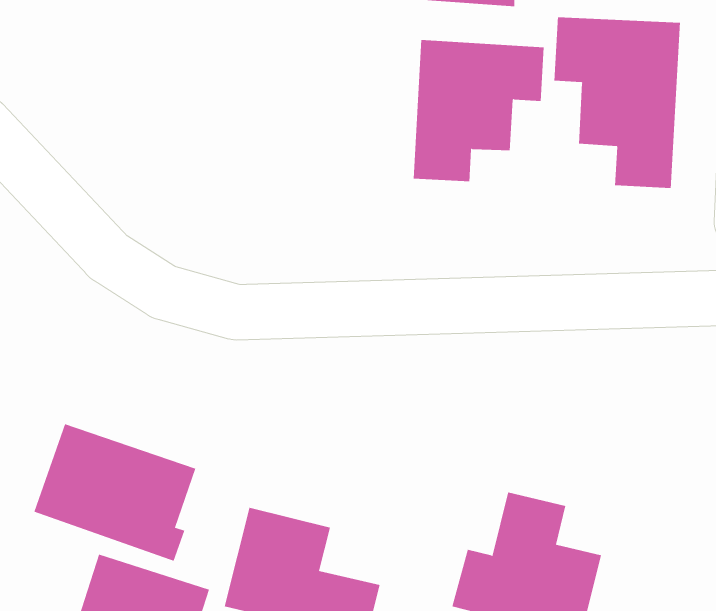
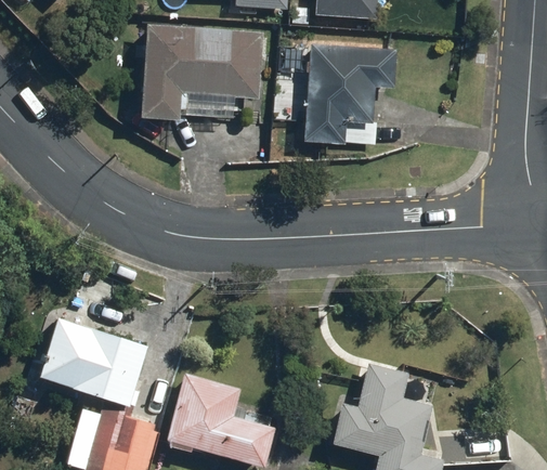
building: none -> [135,23,262,120]
building: [554,16,681,189] -> none

